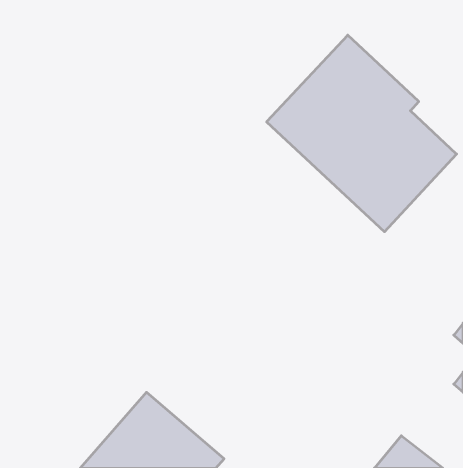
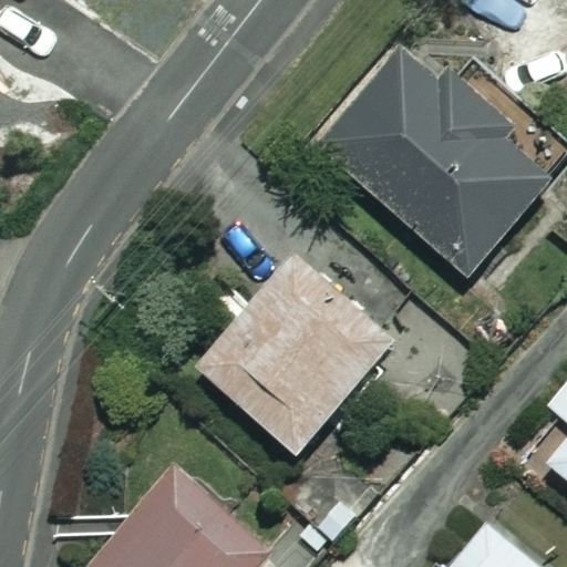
building: none -> [195,252,396,455]

